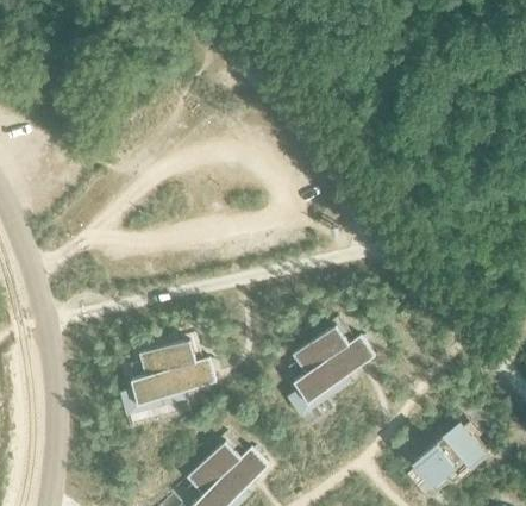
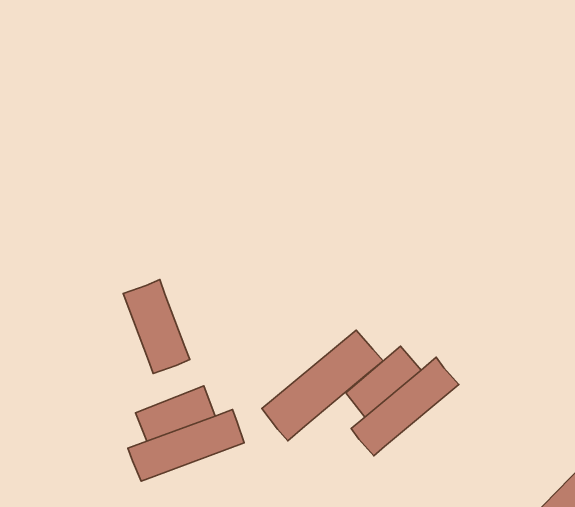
building: none -> [123,280,190,373]
building: none -> [262,330,383,441]

